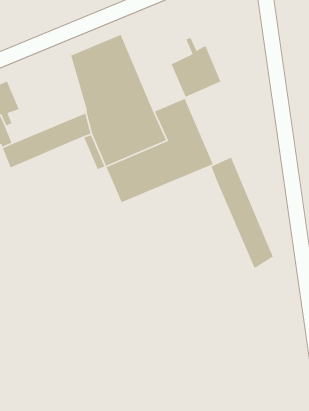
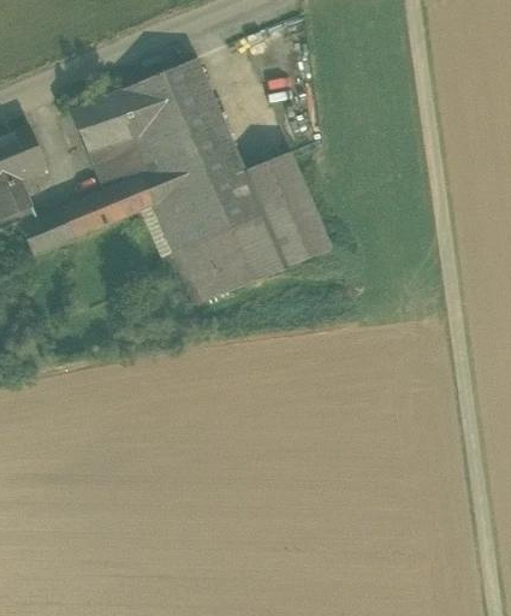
building: [170,37,222,98] -> none
building: none -> [70,89,143,185]
building: [210,156,274,269] -> none

